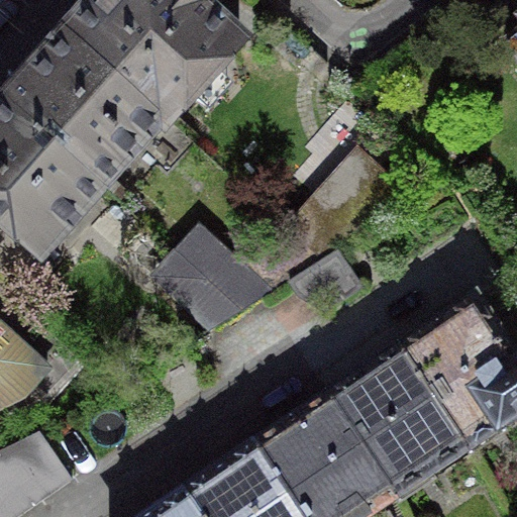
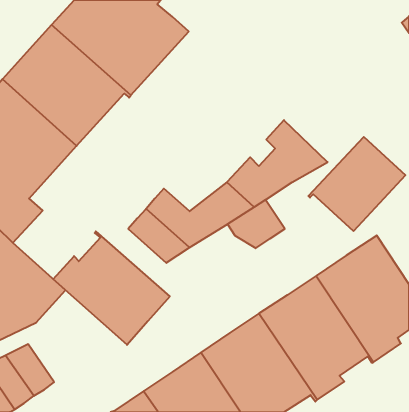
building: none -> [308,137,405,231]
building: none -> [53,231,170,345]

